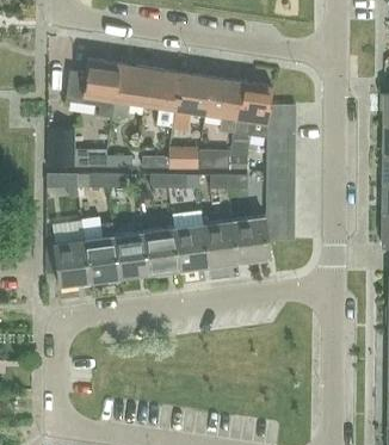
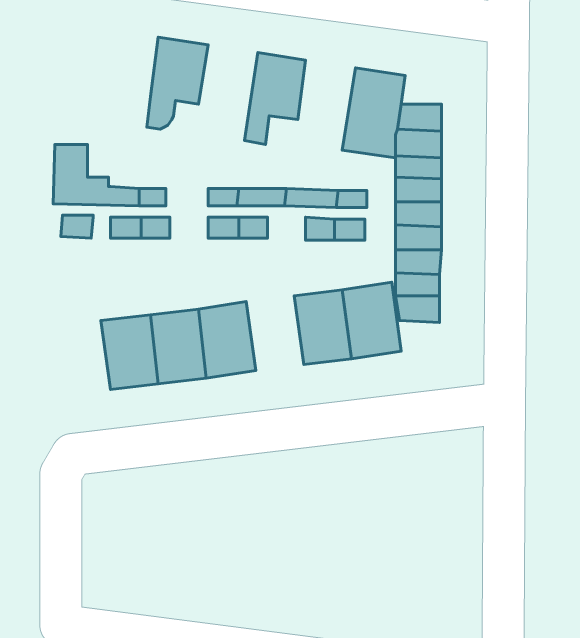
building: [64,58,117,118] -> none
building: [142,67,179,126] -> none
building: [204,76,240,132] -> none
building: [172,223,208,270] -> none
building: [50,239,87,286] -> none

